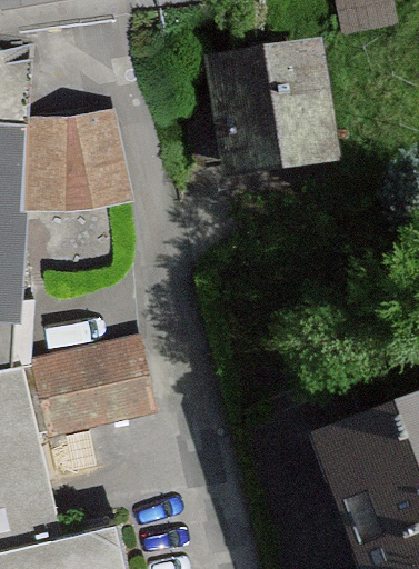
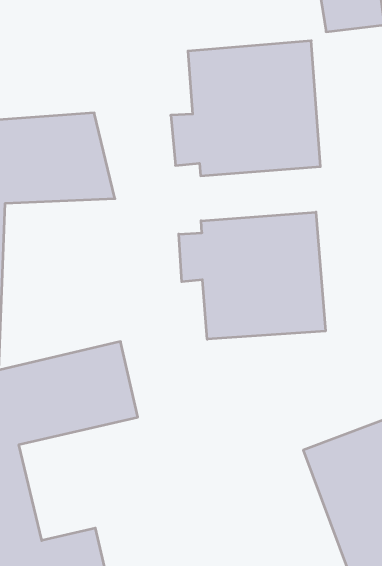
building: none -> [179,212,325,339]

